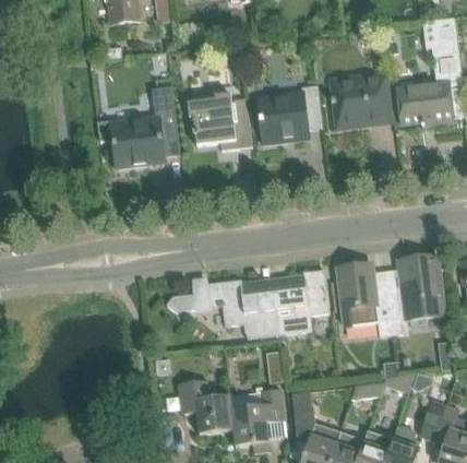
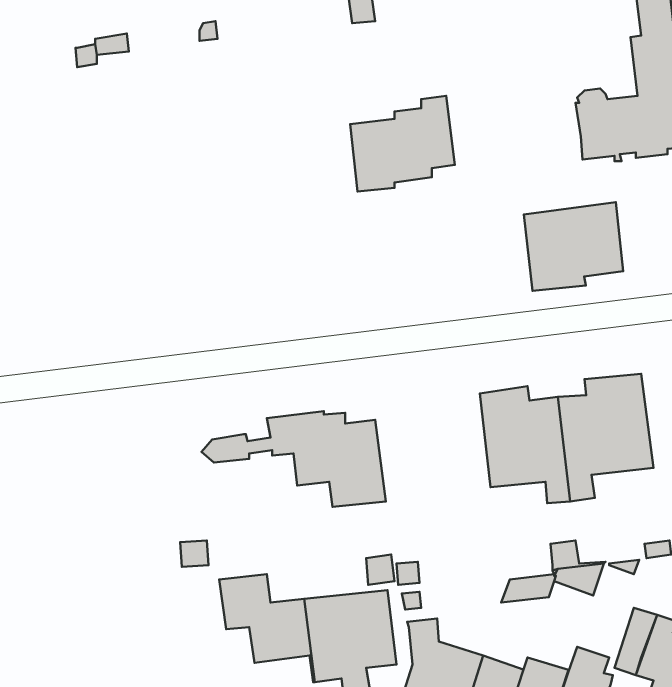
building: [330,72,391,127] -> [524,202,623,291]
building: [96,85,180,167] -> none
building: [187,92,251,150] -> none
building: [273,269,328,334] -> none

